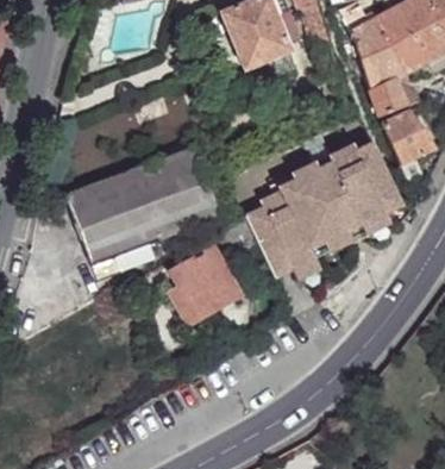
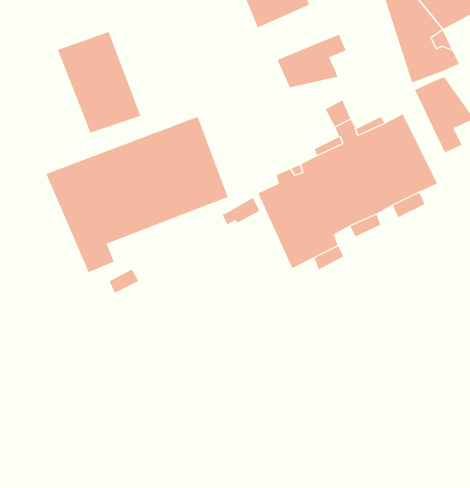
building: none -> [57,31,141,133]
building: none -> [277,34,346,88]
building: [170,246,239,324] -> none

